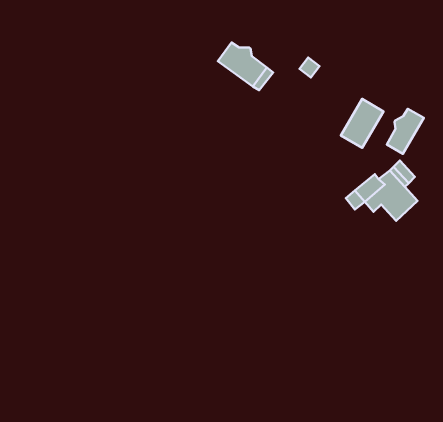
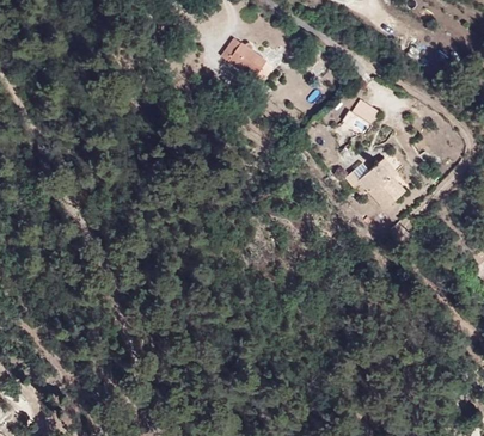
building: [387,109,424,154] -> none

